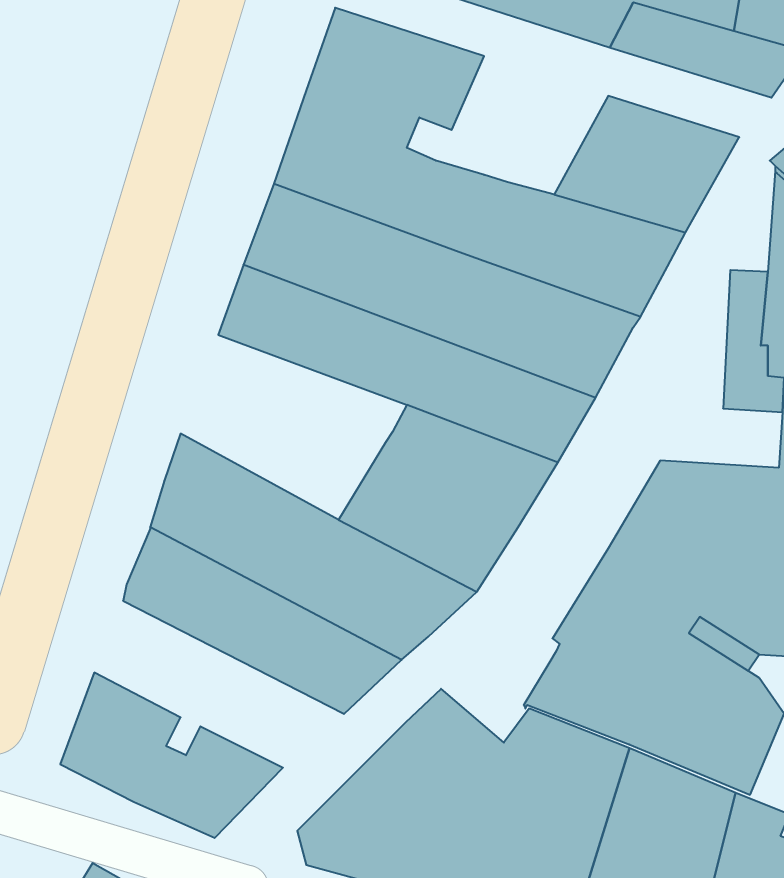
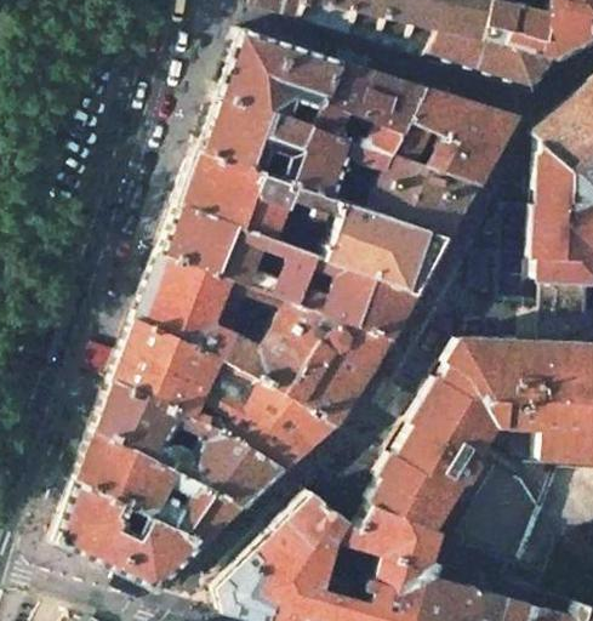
building: none -> [312,59,428,153]
building: none -> [139,247,292,372]
building: none -> [81,427,250,542]

